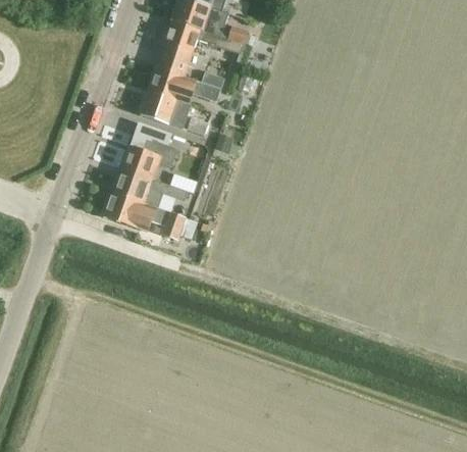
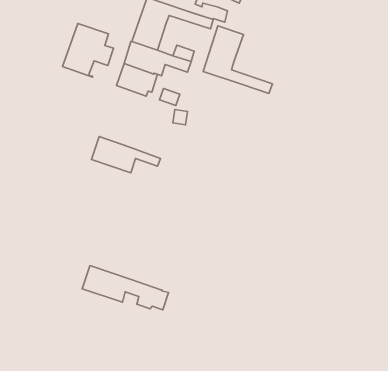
building: none -> [203,26,272,94]
building: [121,121,175,179] -> [63,23,113,77]
building: [104,192,196,239] -> [82,266,168,310]

